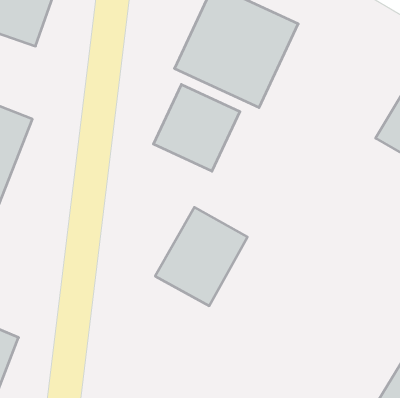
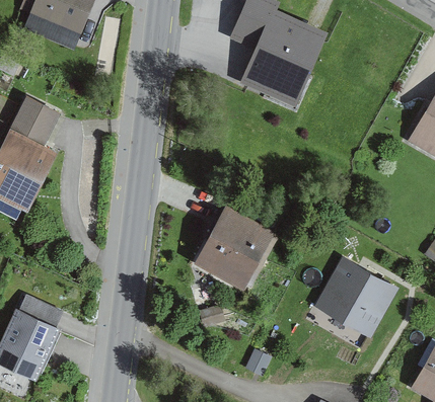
building: [153,84,240,171] -> none
building: none -> [312,255,394,338]

